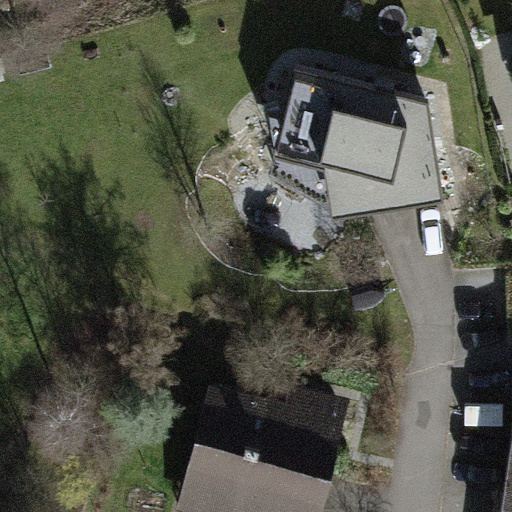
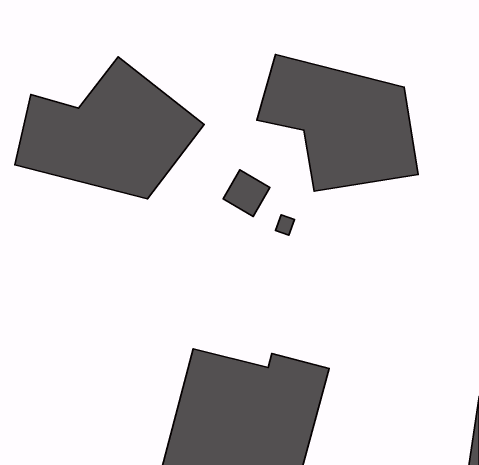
building: none -> [15,57,204,199]

